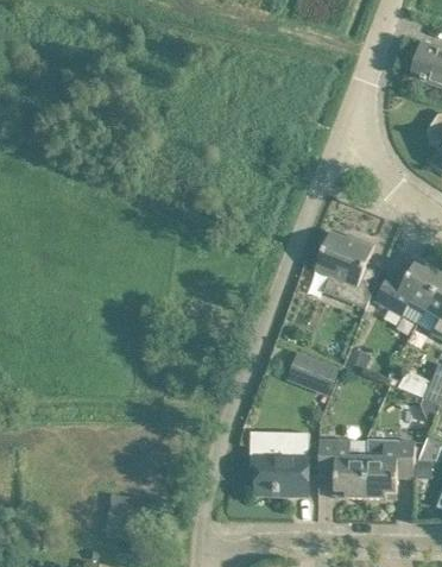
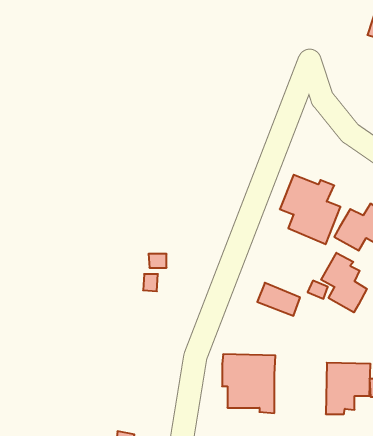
building: none -> [321,253,367,312]
building: [318,439,366,497] -> none

